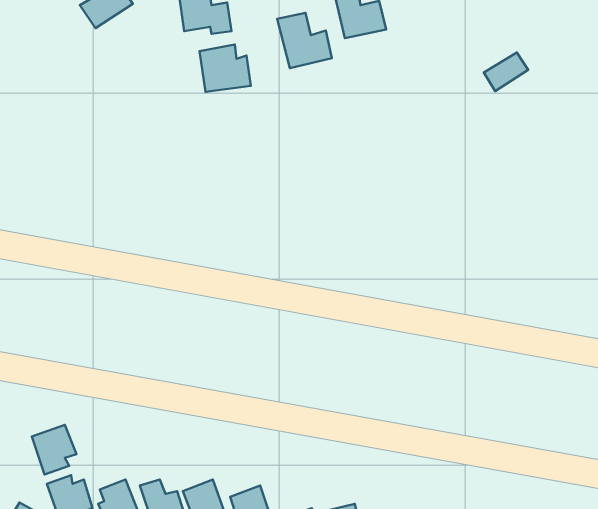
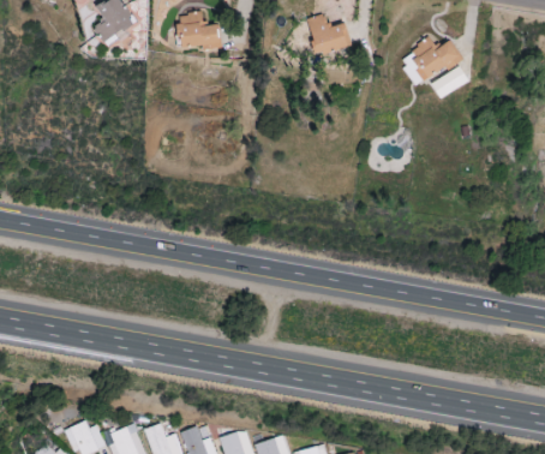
building: [277,13,332,68] -> none
building: none -> [399,36,462,88]
building: [200,44,251,92] -> none
building: [32,425,77,474] -> none

